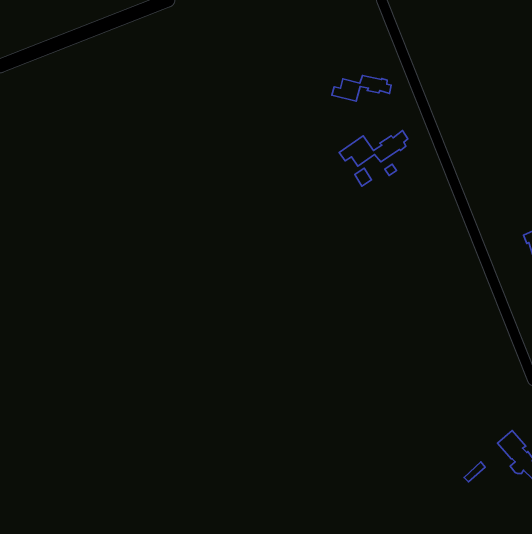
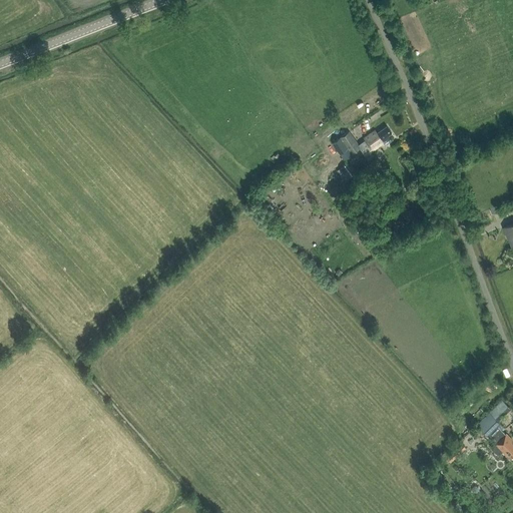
building: [332,75,391,101] -> none

